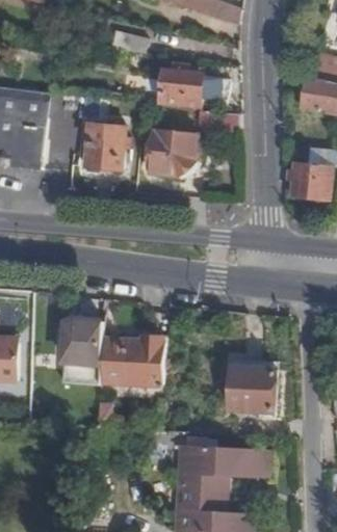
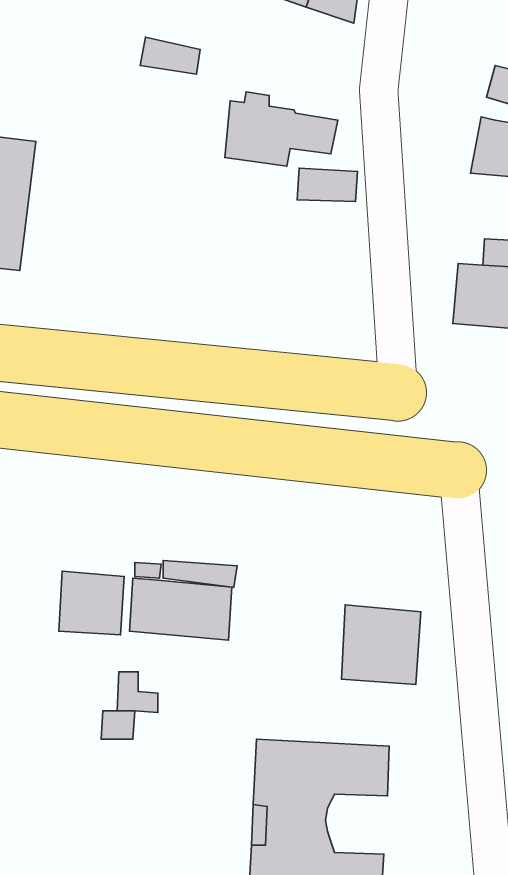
building: [84,124,125,169] -> none
building: [148,130,196,175] -> none
building: [67,319,104,347] -> none

